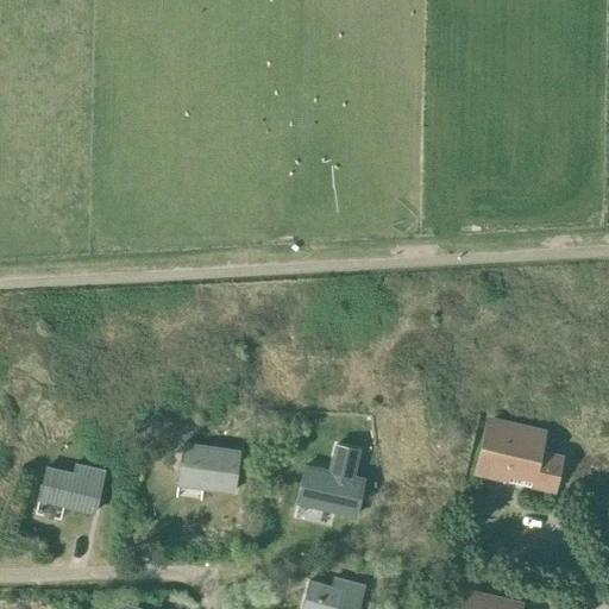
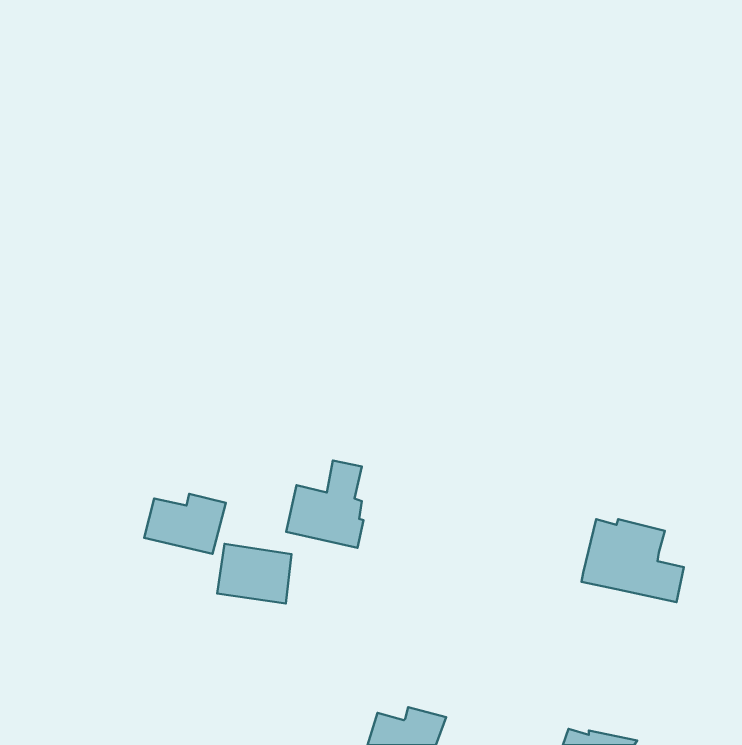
building: [299,445,362,516] -> [286,461,363,548]
building: [39,464,106,513] -> [144,494,226,554]

